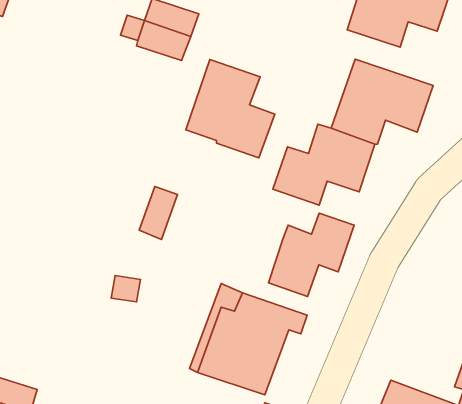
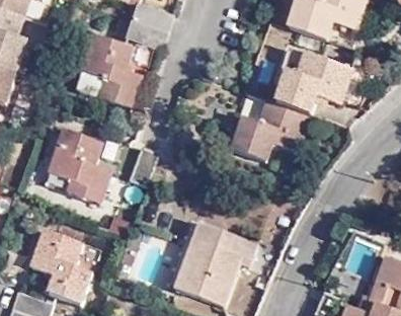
building: [186,60,275,158] -> [76,33,144,108]
building: none -> [48,128,110,203]
building: [269,213,354,297] -> none
building: none -> [30,228,94,304]

